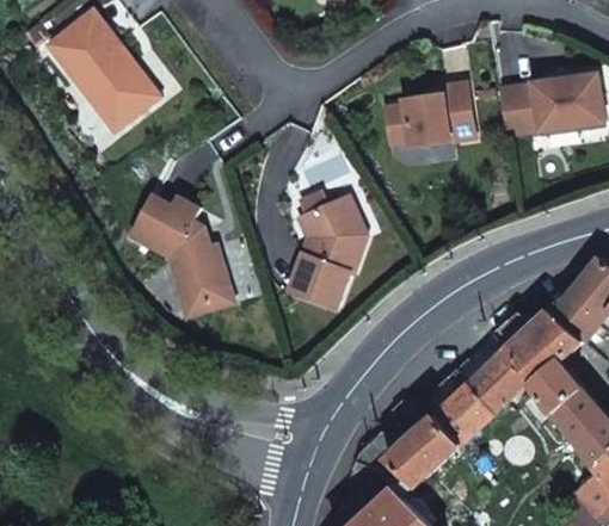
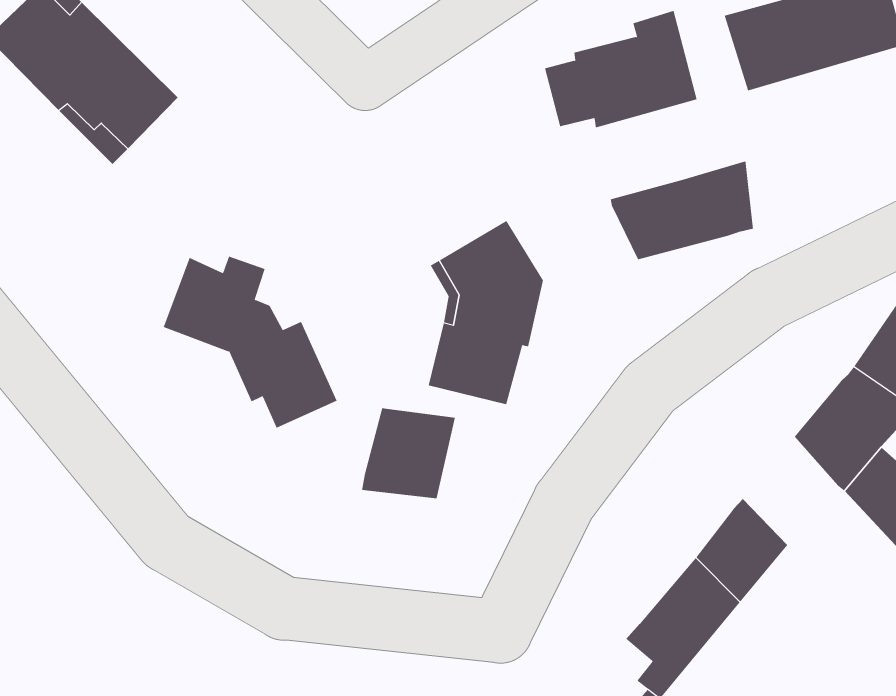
building: none -> [610,161,753,260]
building: none -> [362,407,455,499]
building: [470,348,529,414] -> none

